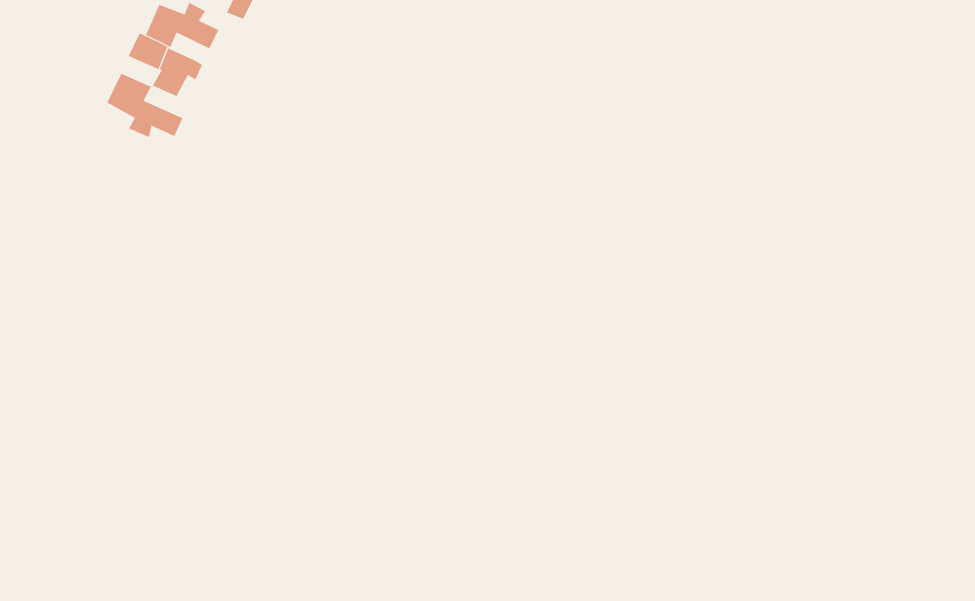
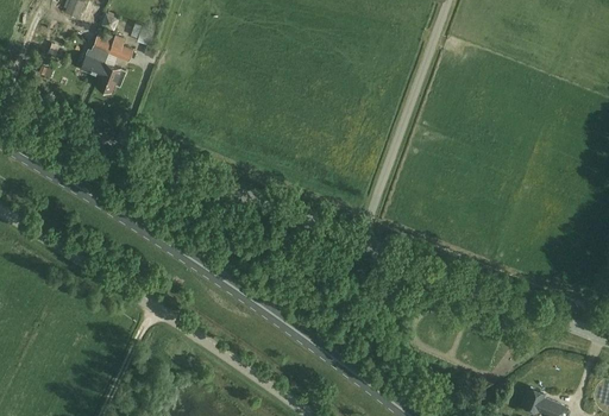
building: [106,73,183,138] -> none

